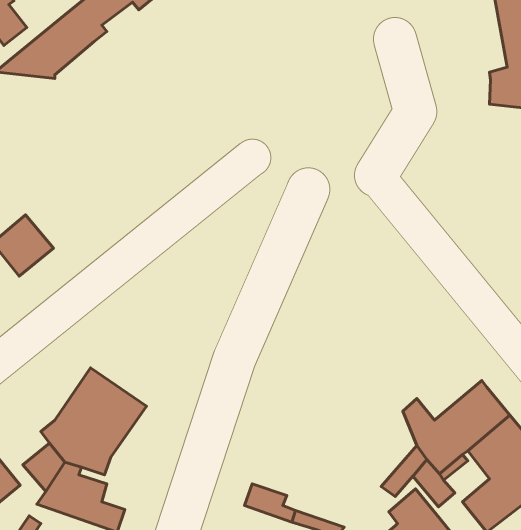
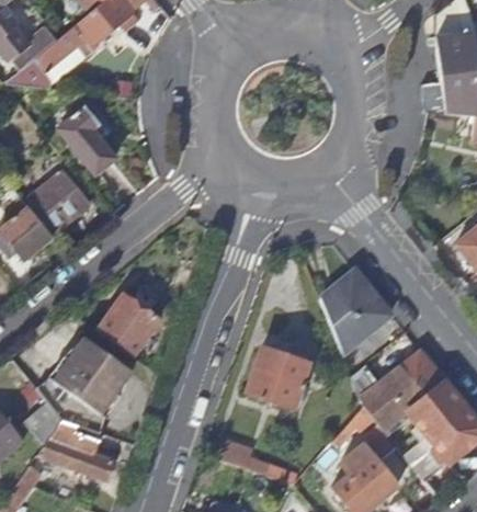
building: none -> [58,106,116,174]
building: none -> [25,172,90,236]
building: none -> [322,270,391,353]
building: none -> [98,294,160,354]
building: none -> [248,348,309,407]

